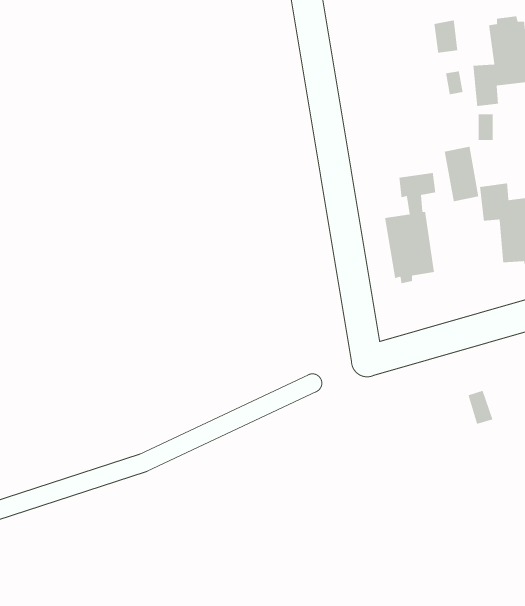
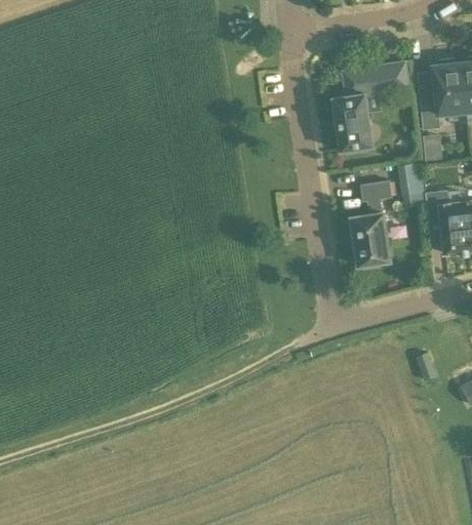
building: none -> [331,66,377,153]

